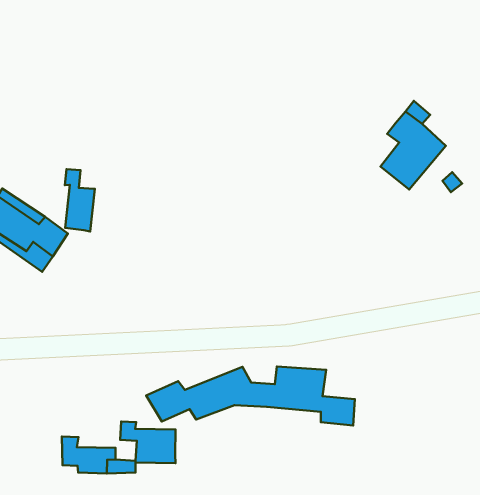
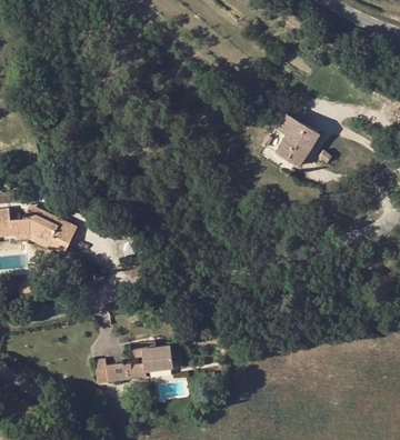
building: [65,169,95,232] -> none
building: [146,367,355,426] -> none

